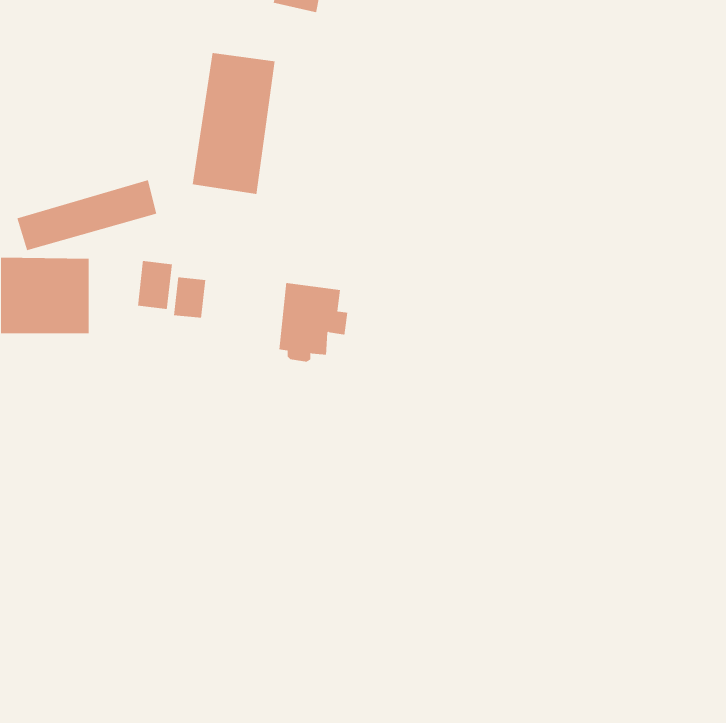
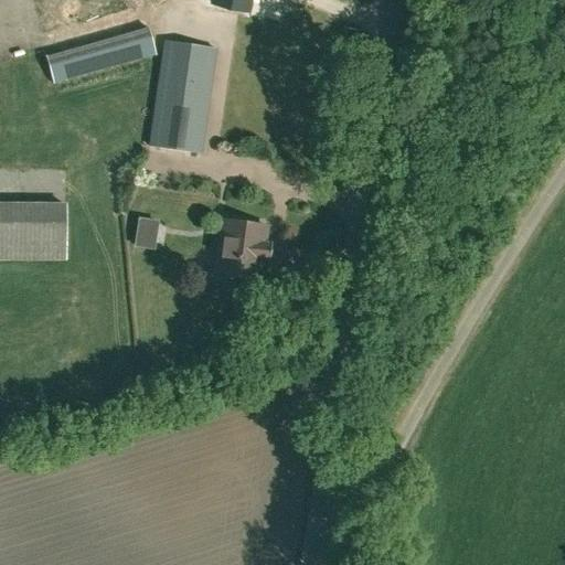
building: [16,180,157,251] -> [45,25,154,81]
building: [138,260,172,310] -> none

